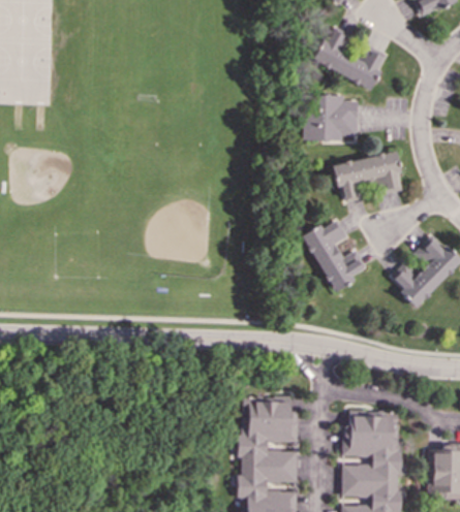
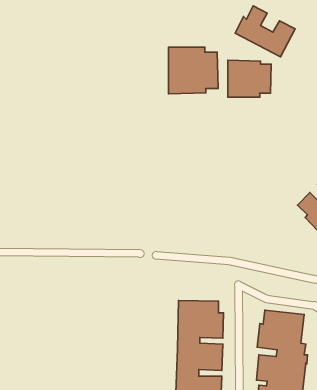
building: none -> [168,47,218,94]
building: [333,152,404,203] -> none
building: [303,220,367,293] -> none

